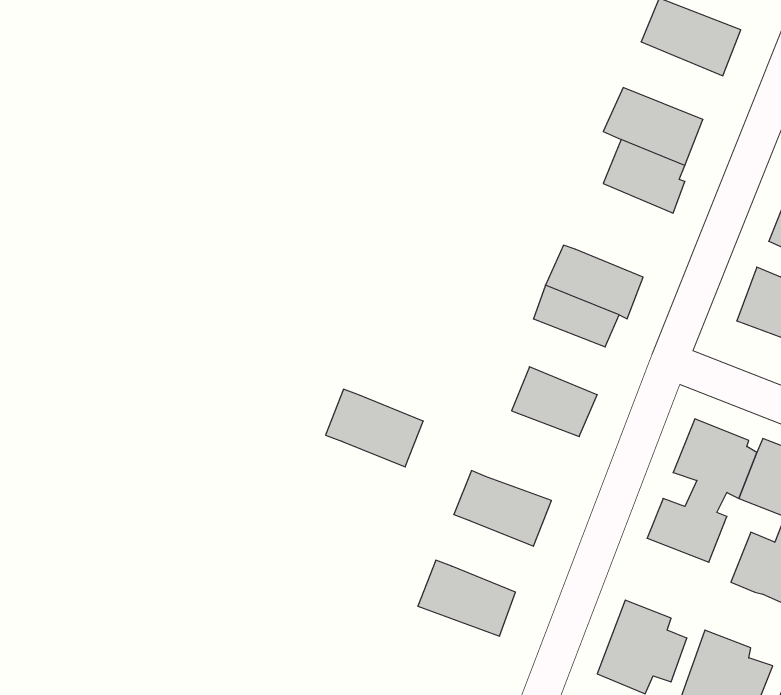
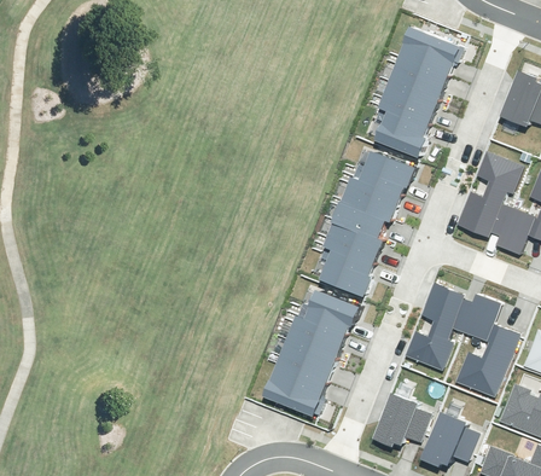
building: none -> [389,53,449,100]
building: none -> [360,147,415,196]
building: none -> [324,221,384,267]
building: [326,389,423,467] -> [275,339,335,387]
building: none -> [306,289,360,331]

